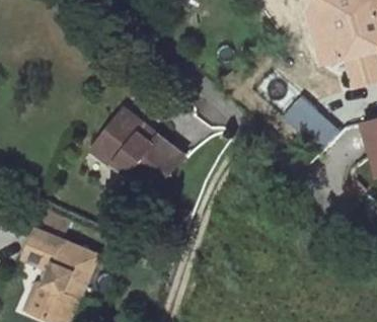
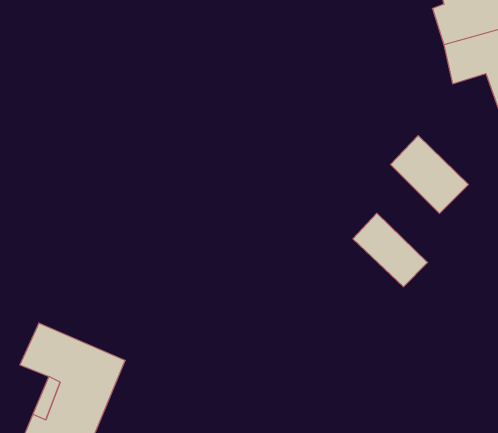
building: [86,110,178,189] -> none
building: none -> [353,213,428,287]

